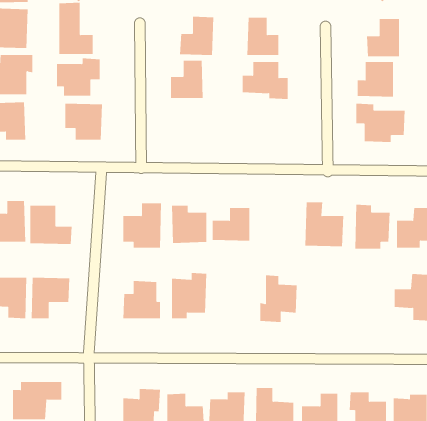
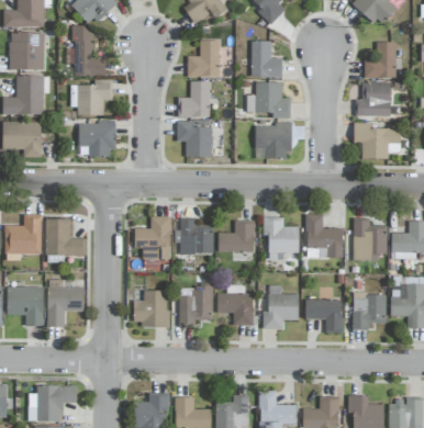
building: none -> [177,121,211,157]
building: none -> [255,124,290,155]
building: none -> [263,217,299,259]
building: none -> [216,284,254,325]
building: none -> [353,293,386,329]
building: none -> [305,299,342,333]

